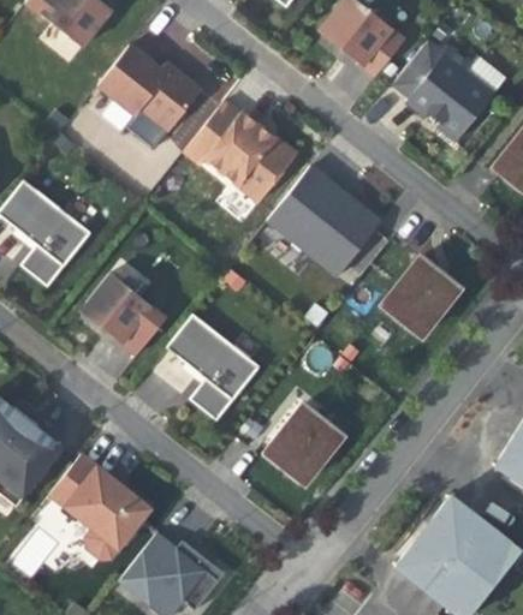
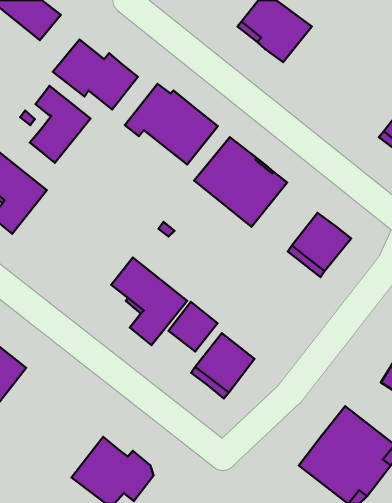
building: [394,41,494,141] -> none
building: none -> [30,86,90,163]
building: [100,285,182,366] -> none
building: none -> [168,302,218,351]
building: [49,454,150,560] -> none

